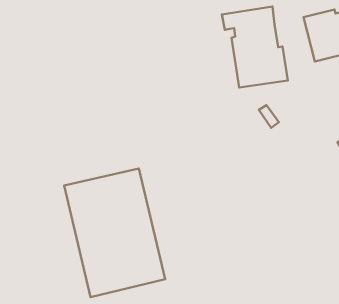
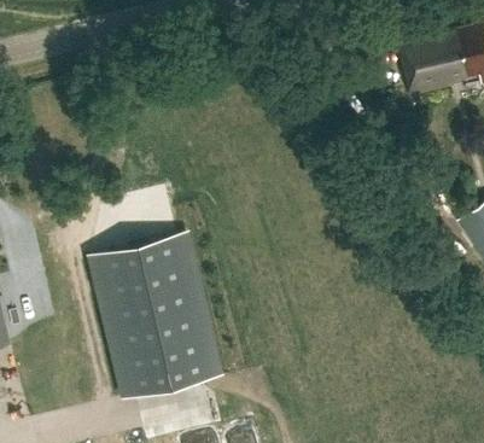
building: [222,7,288,88] -> none

